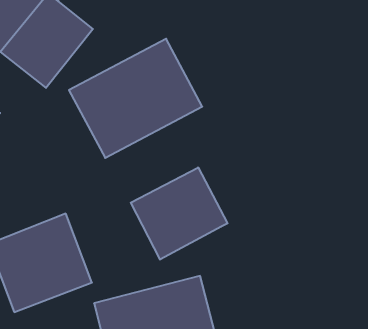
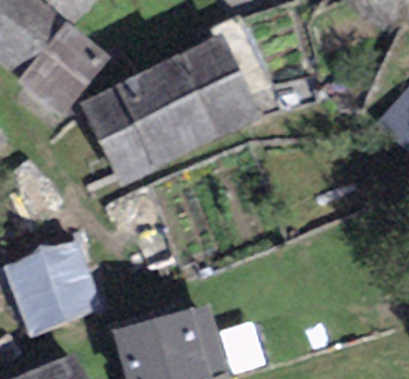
building: none -> [180,40,262,132]
building: [131,167,228,260] -> none

